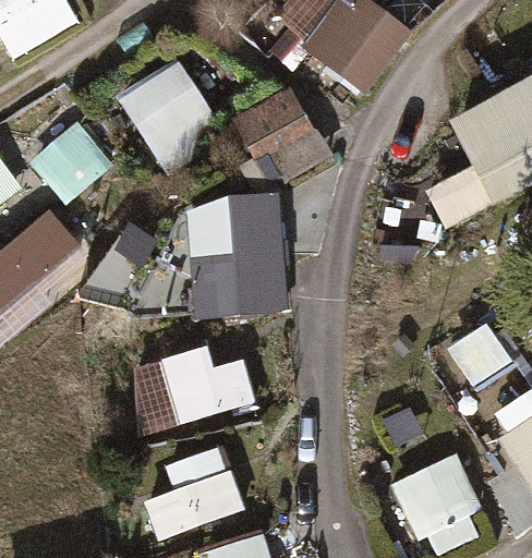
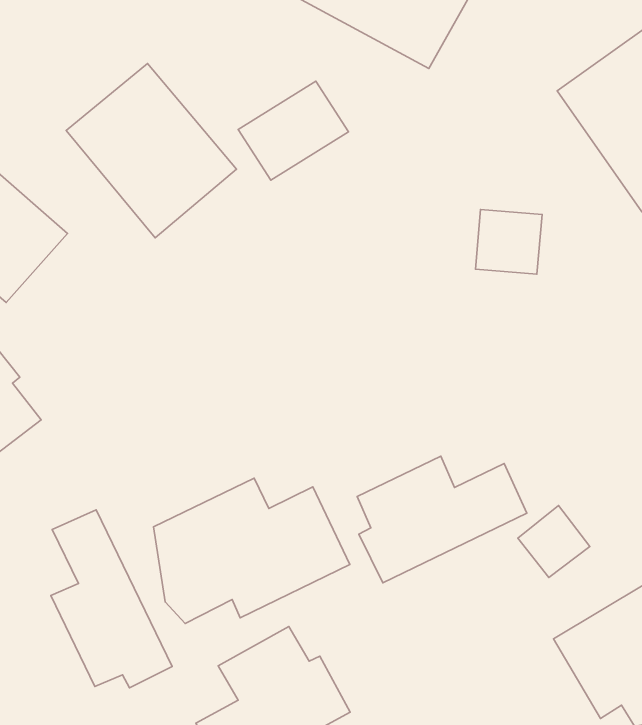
building: [205,202,271,315] -> none
building: none -> [51,510,172,688]
building: none -> [357,456,527,583]

